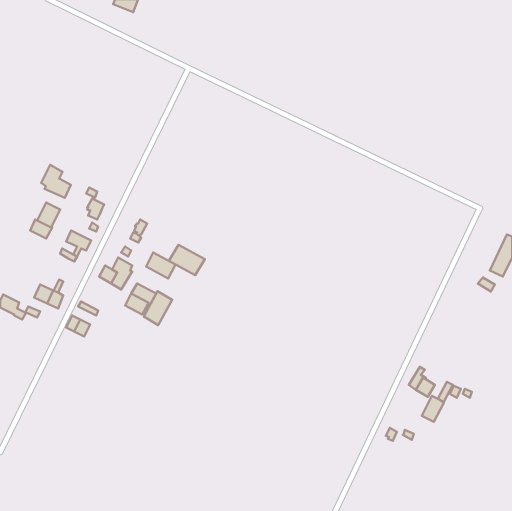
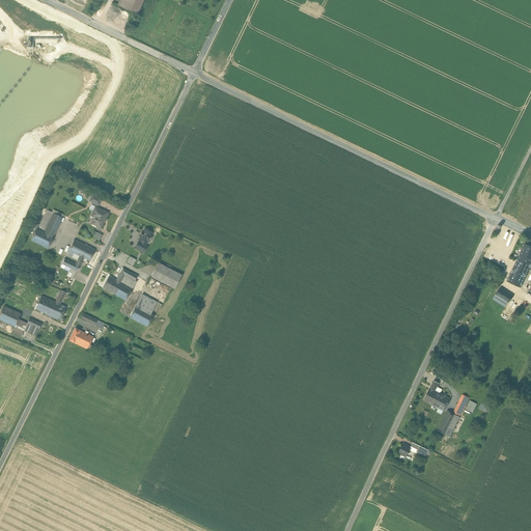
building: [41,165,71,198] -> none
building: [169,245,205,275] -> none
building: [144,291,172,325] -> none

